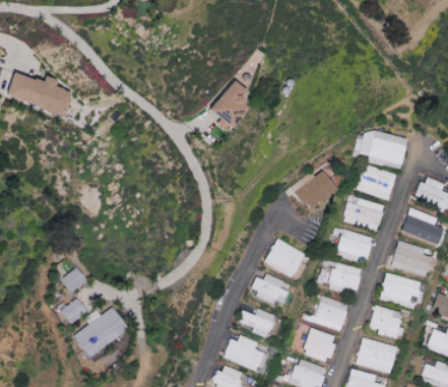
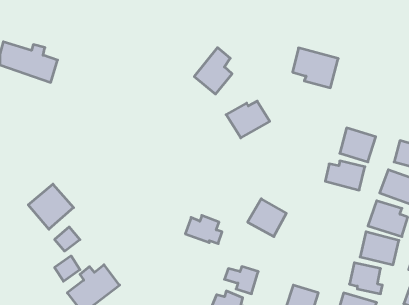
building: [363,128,410,170] -> [293,48,338,88]
building: [293,171,338,209] -> [226,101,270,138]
building: none -> [28,184,74,229]
building: [340,230,374,257] -> none
building: [331,262,364,291] -> none
building: [250,273,289,303] -> [185,215,222,244]
building: [306,296,351,331] -> none

